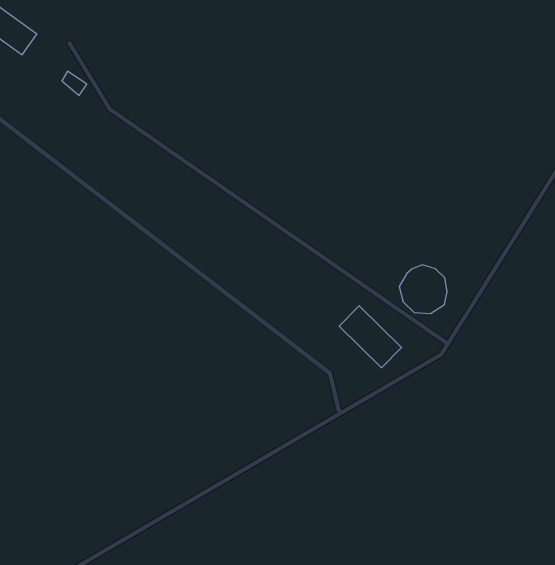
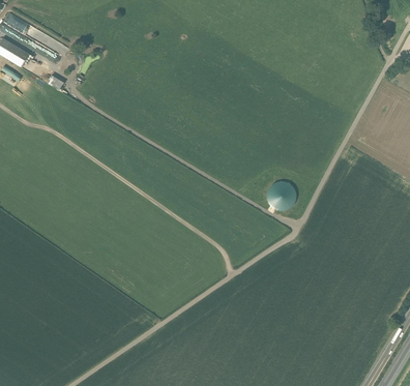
building: [339,306,402,368] -> none

